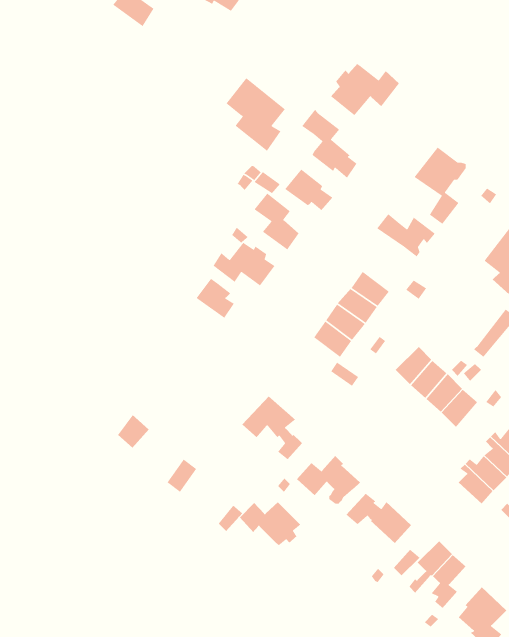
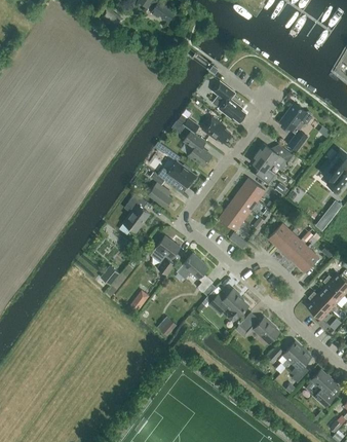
building: [330,63,400,116] -> none
building: [226,77,286,152] -> none
building: none -> [252,152,277,185]
building: none -> [120,192,150,233]
building: none -> [152,234,181,274]
building: [239,501,301,546] -> none

